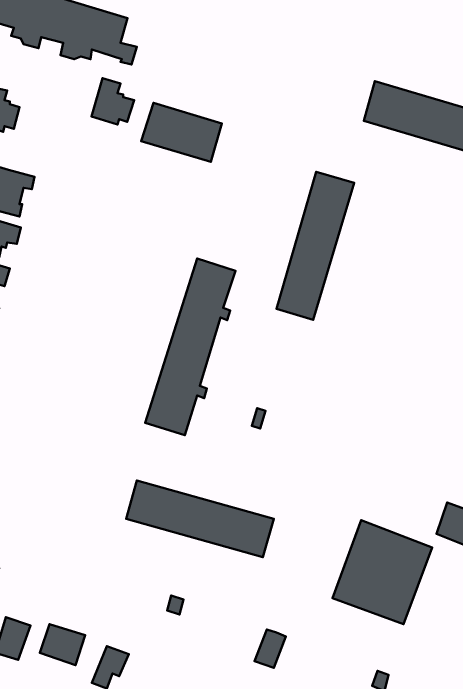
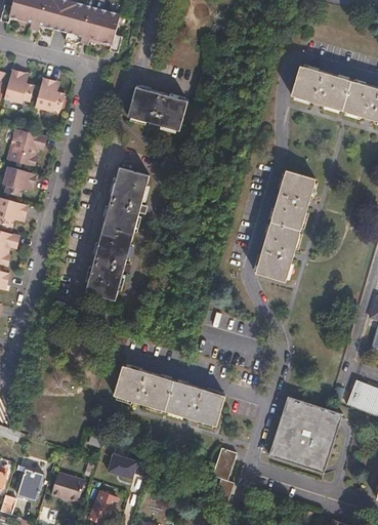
building: [92,78,134,125] -> [34,77,66,112]
building: [276,172,354,320] -> [257,169,316,280]
building: [145,259,235,435] -> [80,162,148,294]
building: none -> [213,447,238,479]
building: none -> [109,450,143,479]

